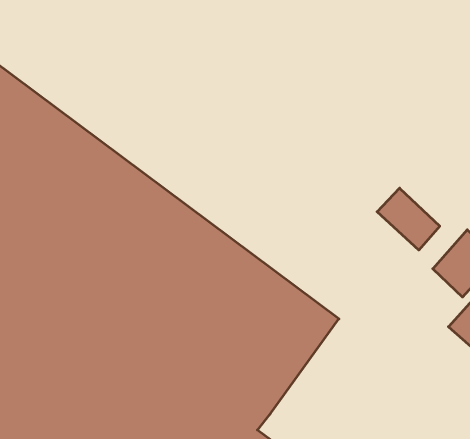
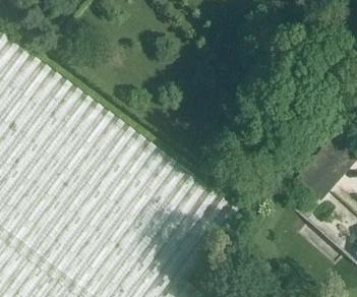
building: [377,188,440,250] -> none

